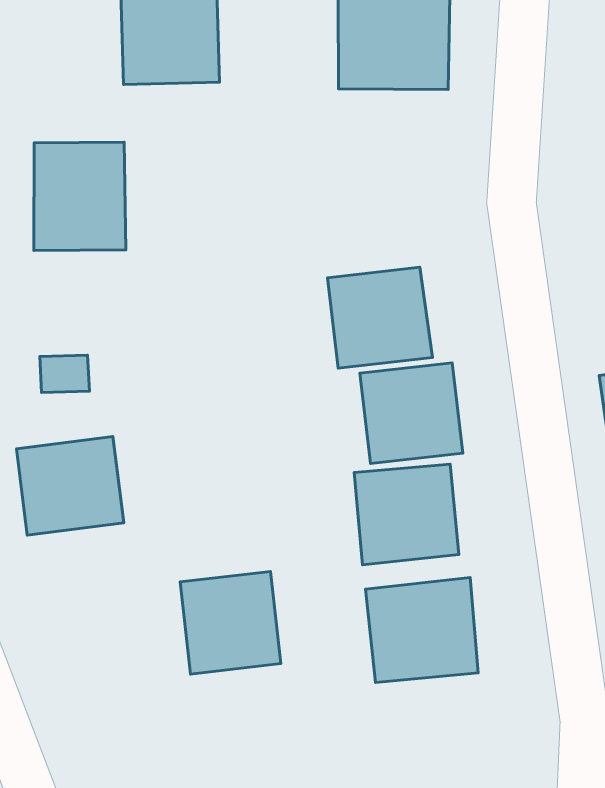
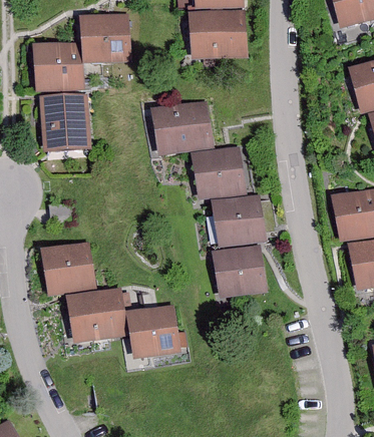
building: none -> [32,41,81,90]
building: none -> [151,100,213,154]
building: none -> [67,288,125,342]
building: [365,578,478,683] -> none

